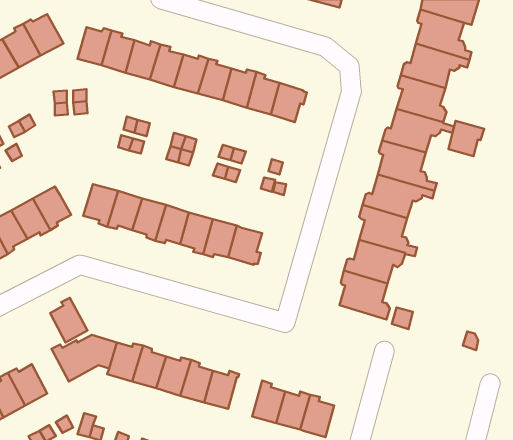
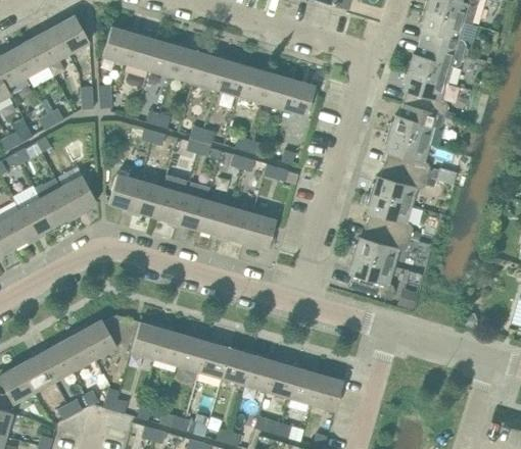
building: [448,121,484,156] -> none
building: [50,298,87,343] -> [60,329,95,370]
building: none -> [244,355,276,392]

